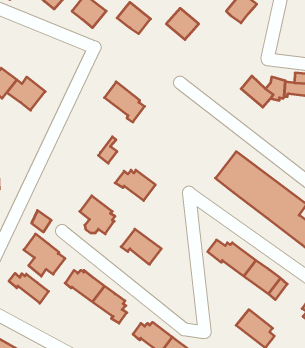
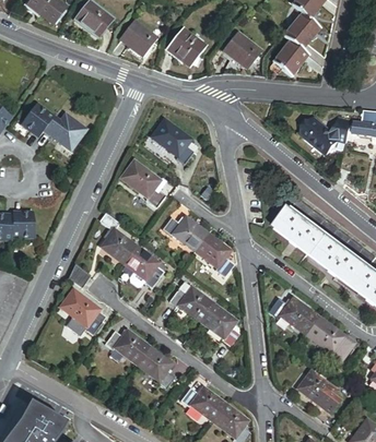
building: none -> [273,45,308,80]
building: none -> [121,160,160,198]
building: none -> [101,213,137,263]
building: none -> [195,234,234,276]
building: none -> [201,304,237,346]
building: [9,273,49,303] -> none

